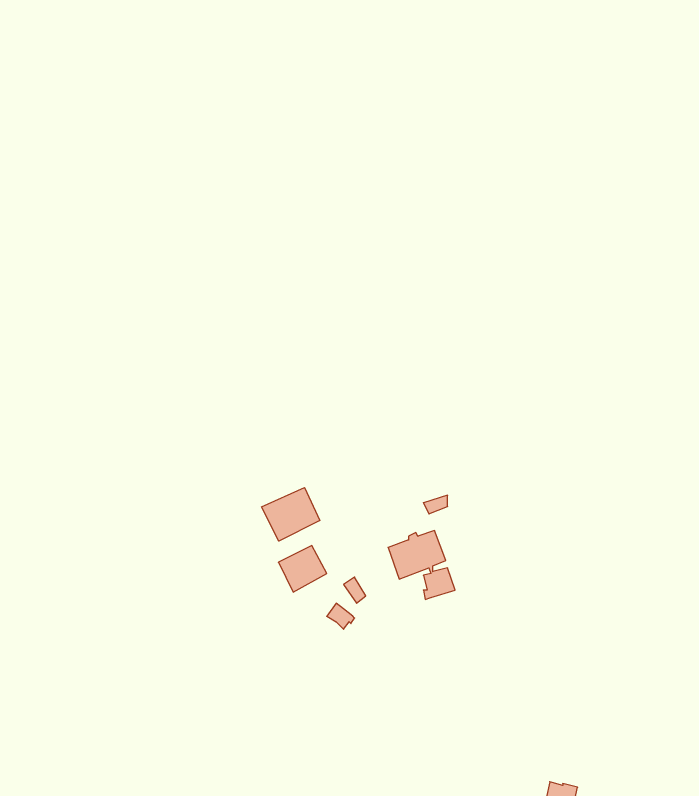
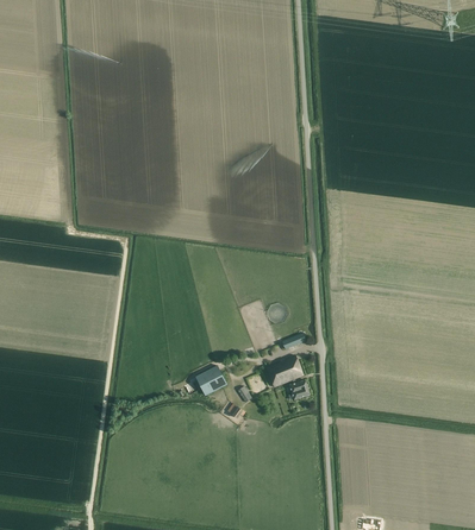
building: [262,488,320,541] -> none

